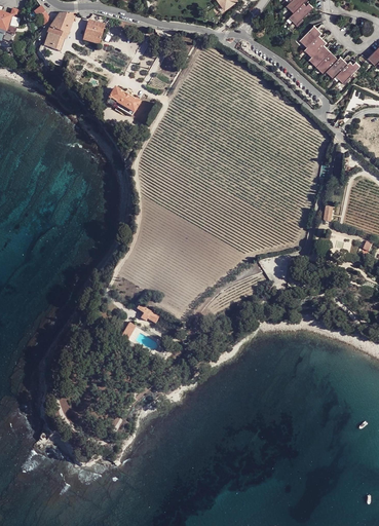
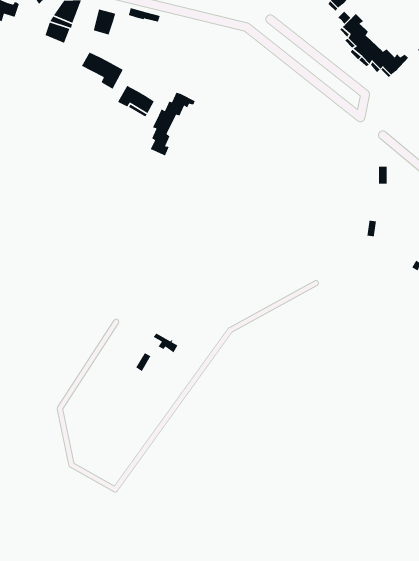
building: none -> [81,51,124,90]
building: none -> [149,92,196,156]

